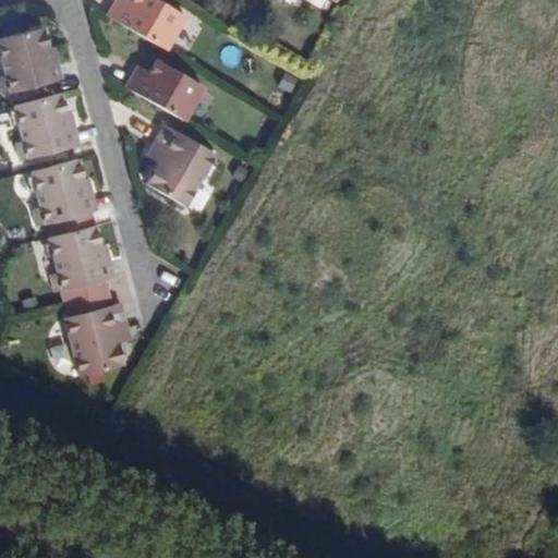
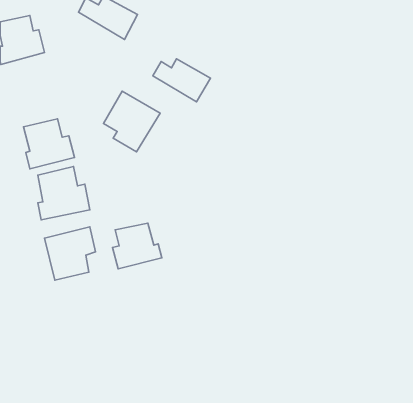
building: [123,63,201,121] -> [153,59,210,102]
building: [16,92,82,160] -> none
building: none -> [113,223,162,269]

